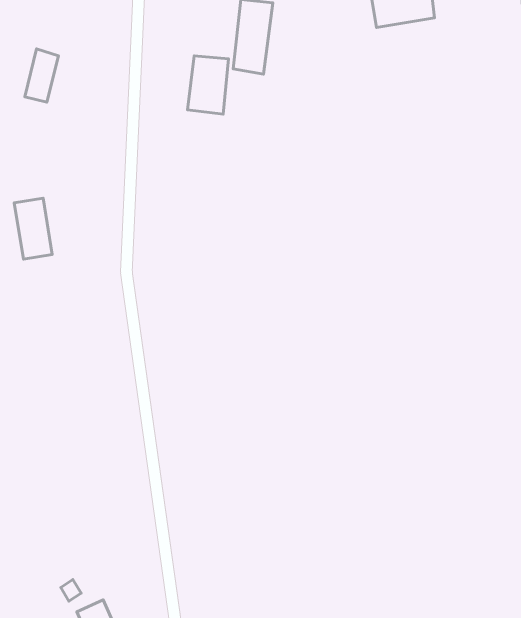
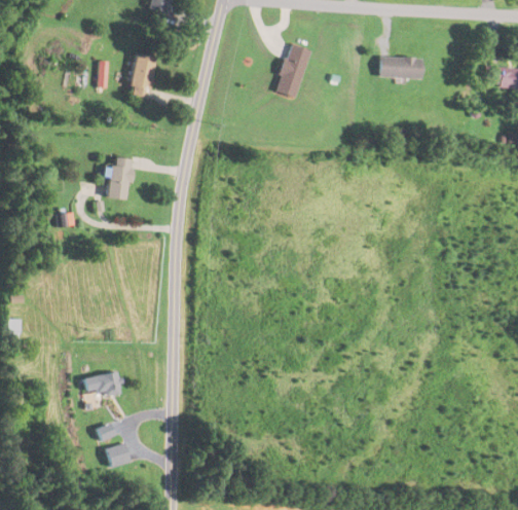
building: [187,56,228,114] -> none
building: none -> [82,371,124,398]

